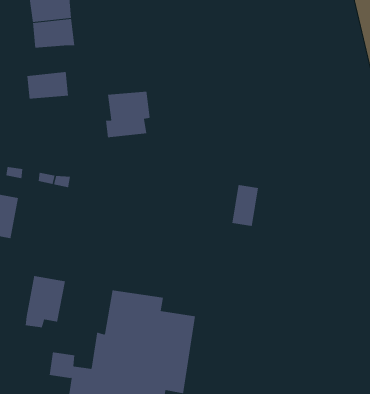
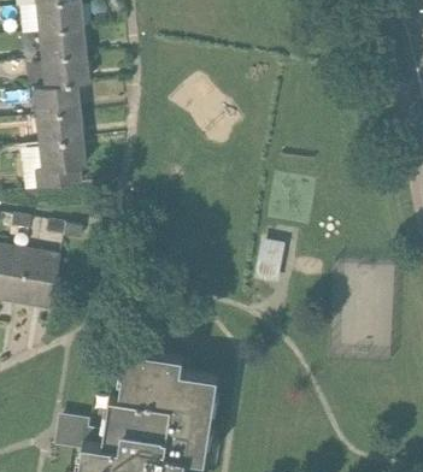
building: none -> [33,85,78,118]
building: [105,91,150,138] -> [35,140,84,190]
building: [25,276,66,328] -> [17,250,61,307]

